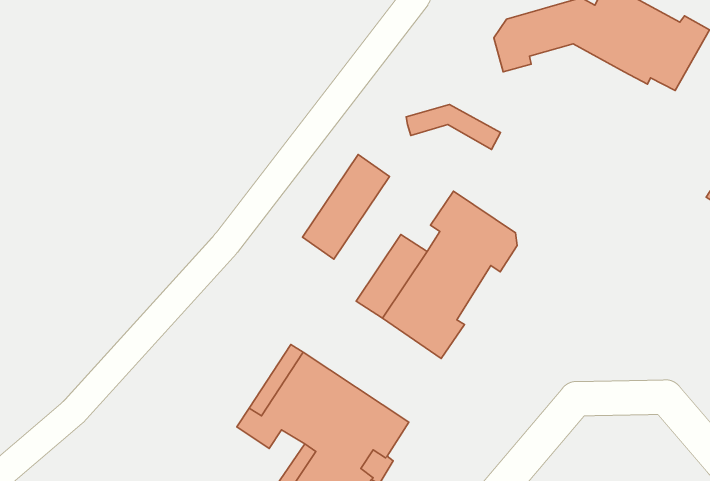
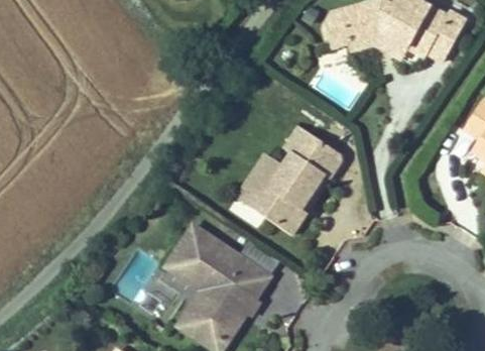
building: [406,104,501,149] -> [349,29,410,58]
building: [303,155,389,259] -> none

